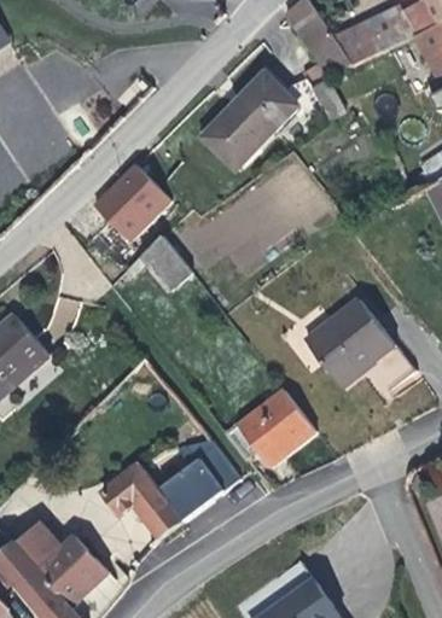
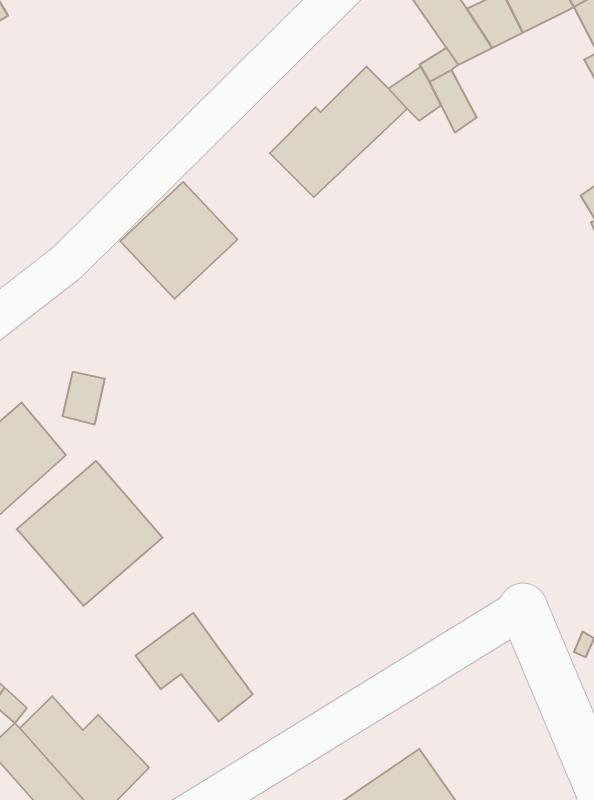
building: [140,234,193,292] -> none
building: [303,301,412,397] -> none
building: none -> [17,461,163,606]
building: [228,389,319,466] -> none
building: [159,459,225,523] -> none

